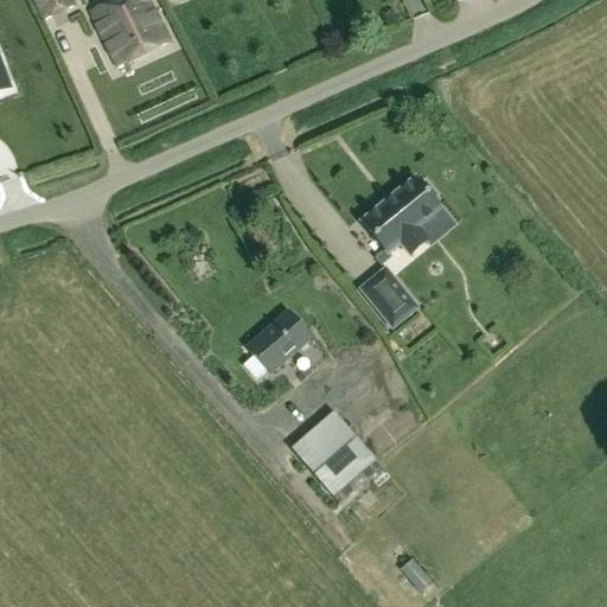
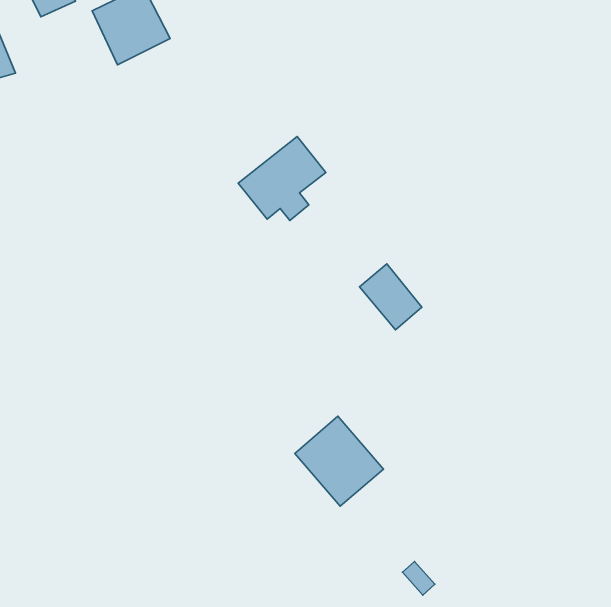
building: [357,171,443,254] -> [238,137,326,220]
building: [247,309,311,372] -> none

